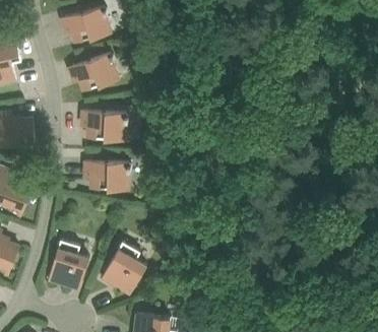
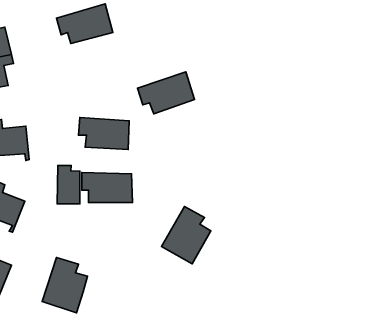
building: [67,53,120,91] -> [137,72,195,114]
building: none -> [57,166,80,204]
building: [101,242,146,294] -> [161,207,211,264]

